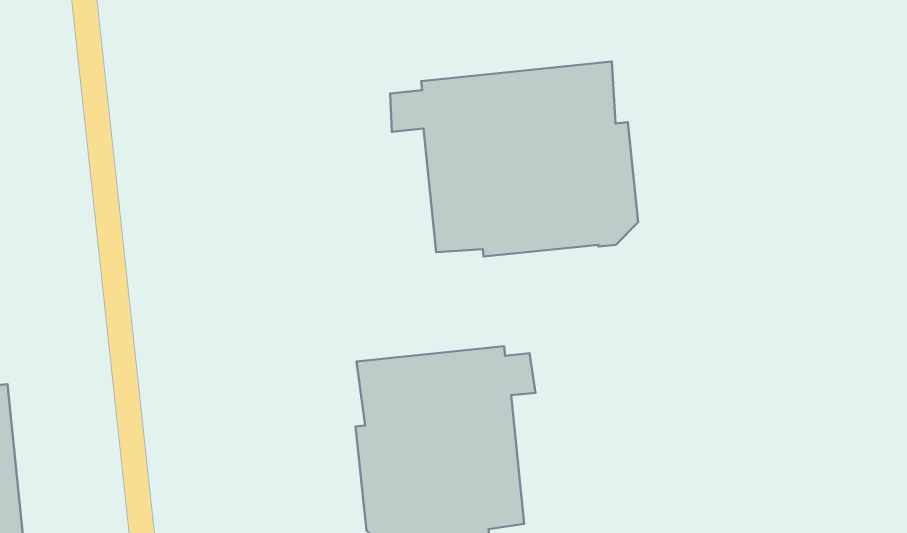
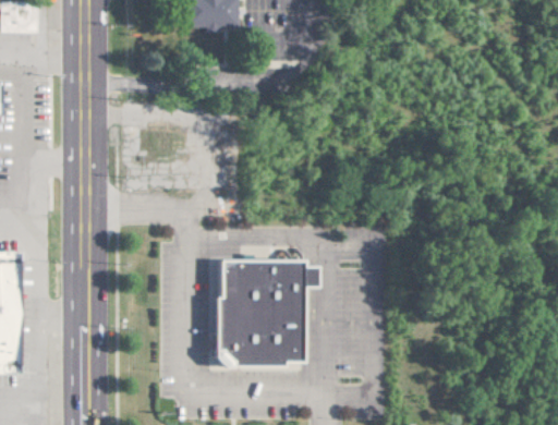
building: [390,61,638,257] -> none

